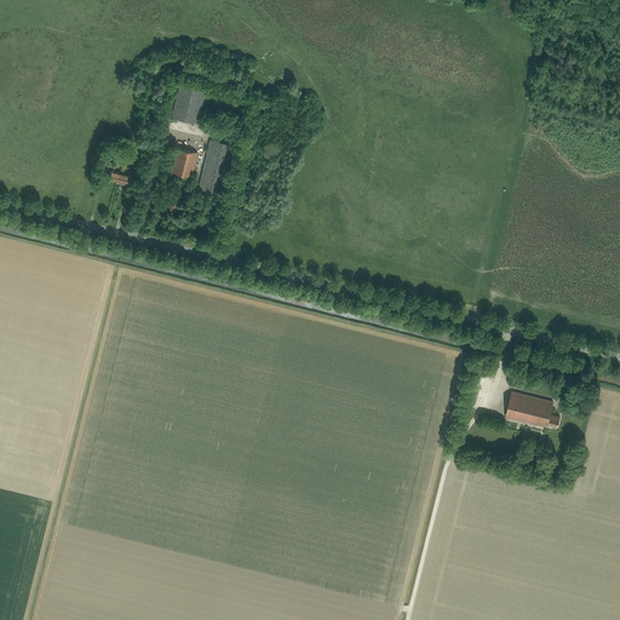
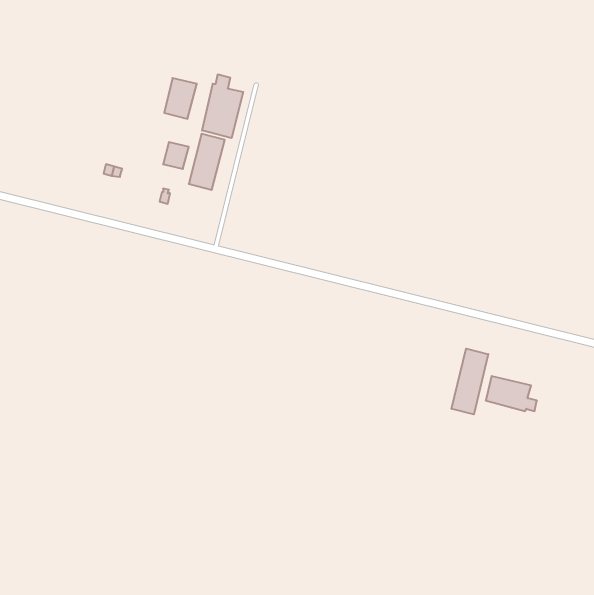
building: none -> [202,74,243,138]
building: none -> [452,349,488,414]

